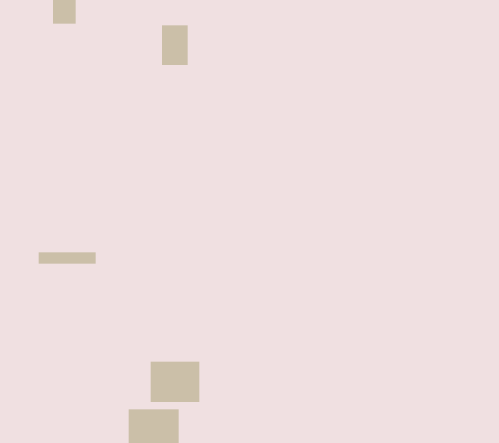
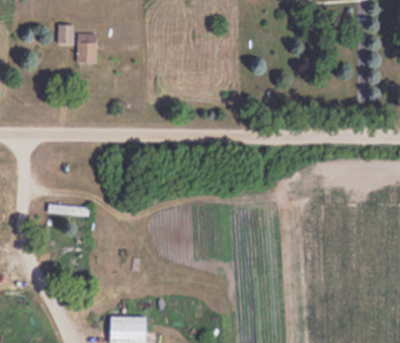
building: [161,24,188,66] -> [76,33,95,63]
building: [150,361,200,403] -> none

